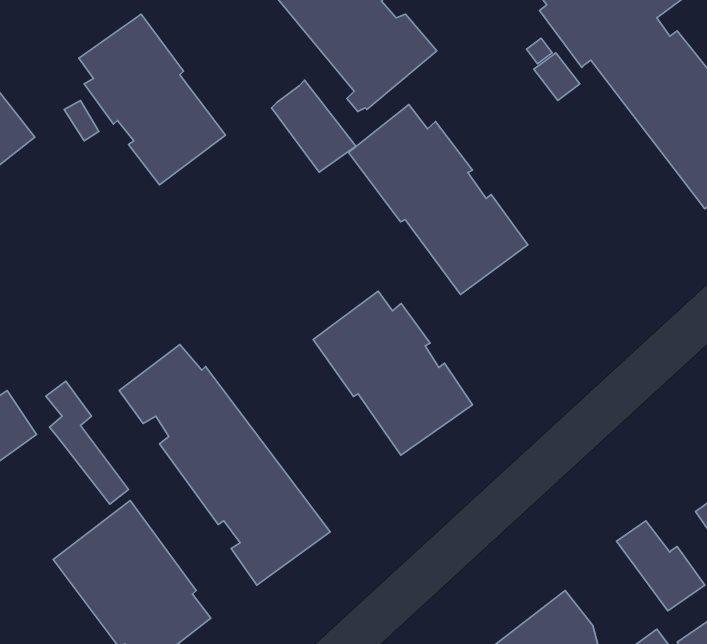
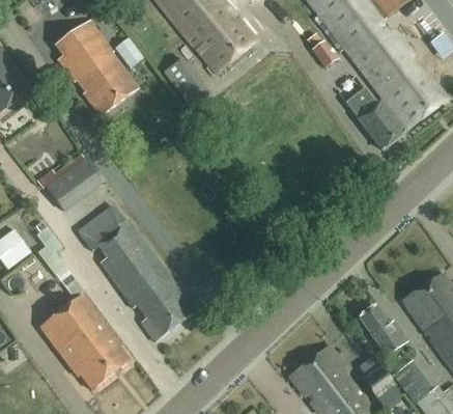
building: [348,105,528,295] -> none
building: none -> [350,93,404,148]
building: none -> [41,155,105,217]
building: [313,291,473,455] -> none

